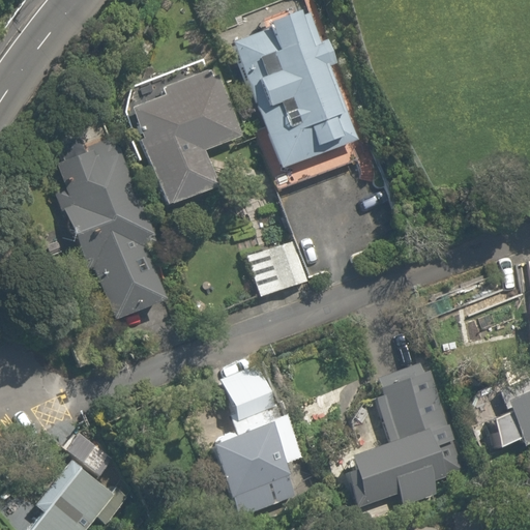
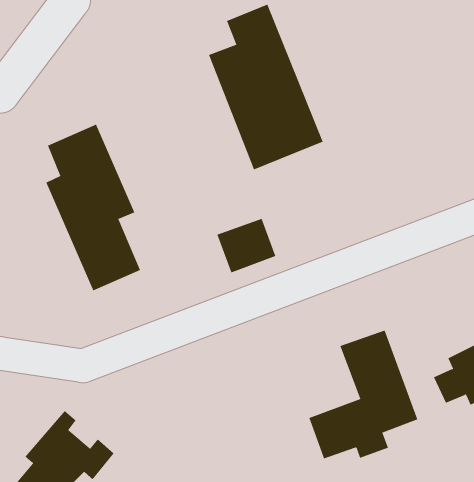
building: [135,68,238,202] -> none
building: [205,362,302,524] -> none

